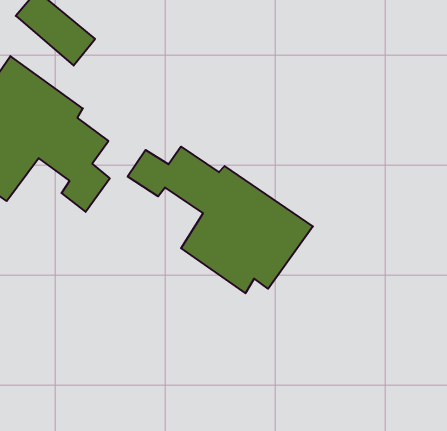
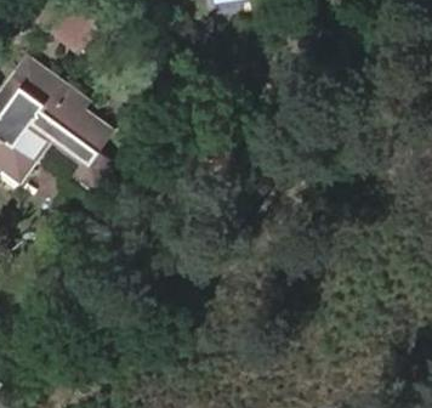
building: [128,147,313,293] -> none

